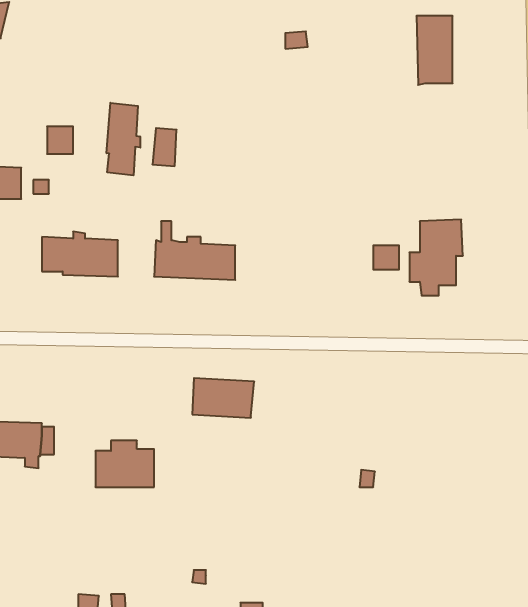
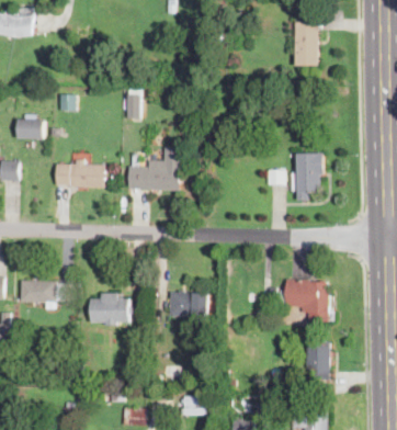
building: [107,103,140,175] -> none
building: [192,378,254,418] -> [169,291,208,316]
building: none -> [285,279,332,321]
building: none -> [305,341,331,378]

